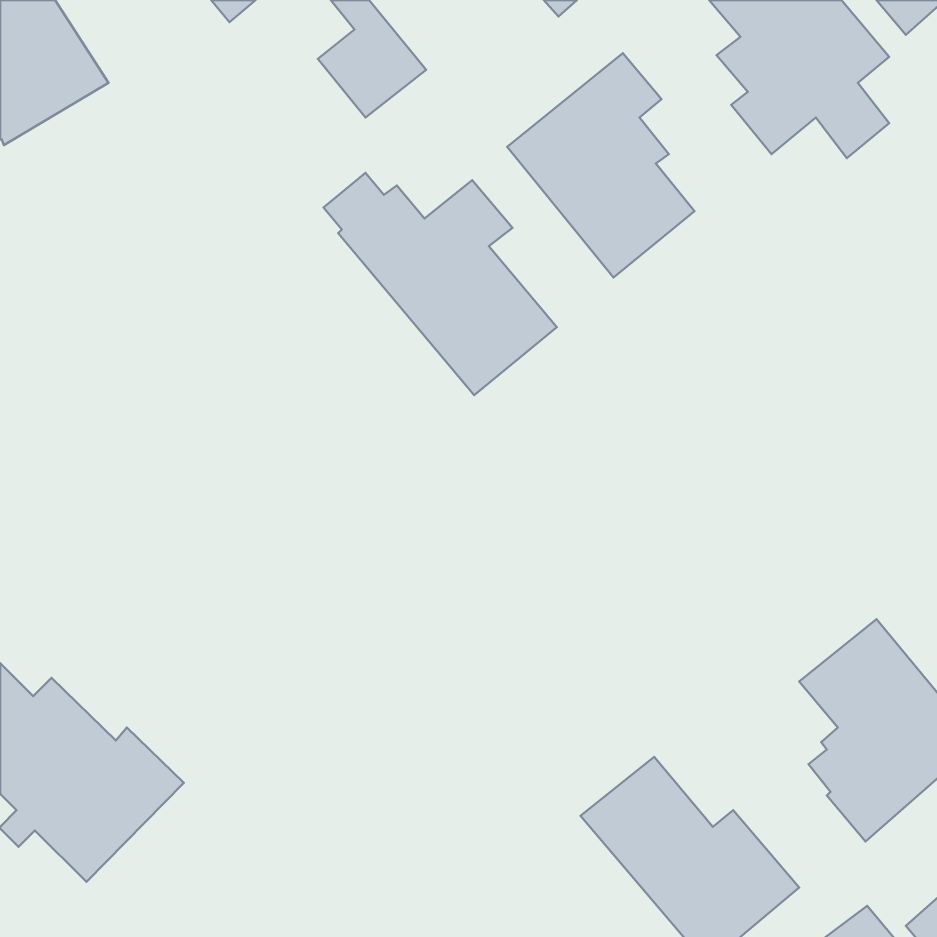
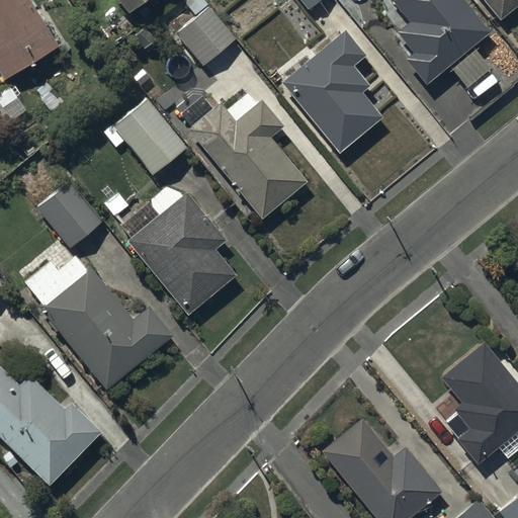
building: none -> [102,98,186,174]
building: none -> [36,182,101,249]
building: none -> [118,185,237,316]
building: none -> [23,256,174,391]

